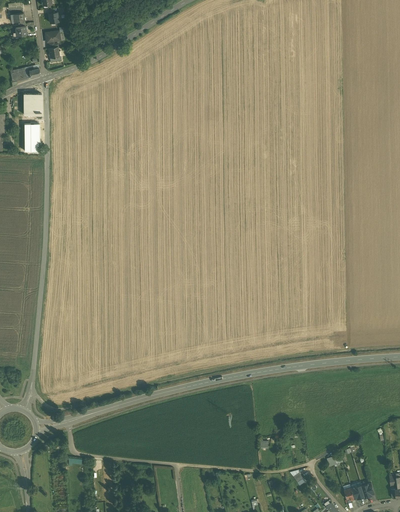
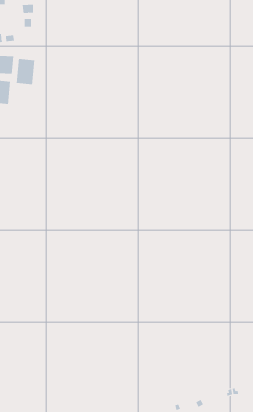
building: none -> [16,58,35,85]

